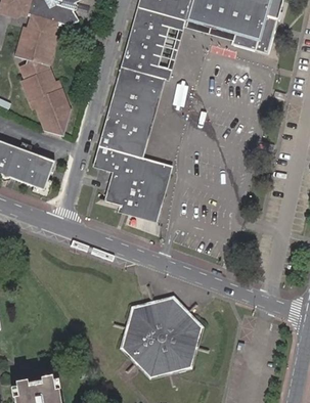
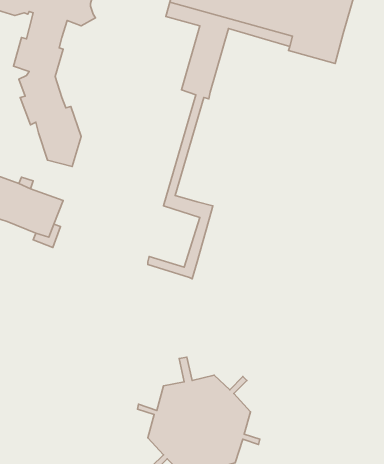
building: [93,16,162,213] -> none

